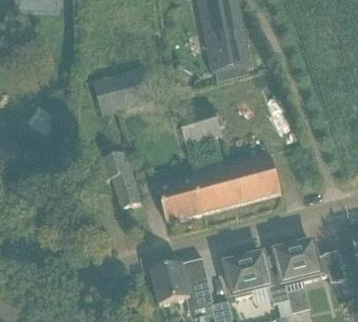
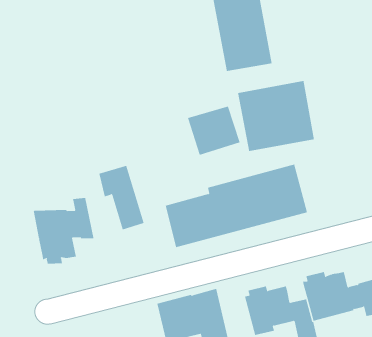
building: [92,66,153,115] -> none
building: none -> [238,80,314,152]
building: none -> [33,197,94,265]

